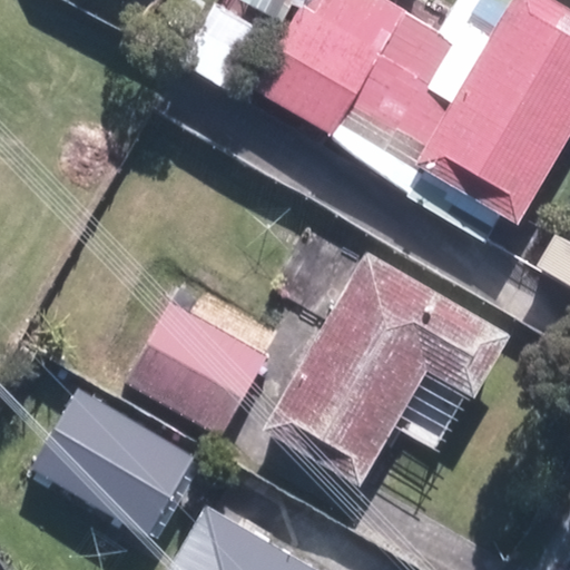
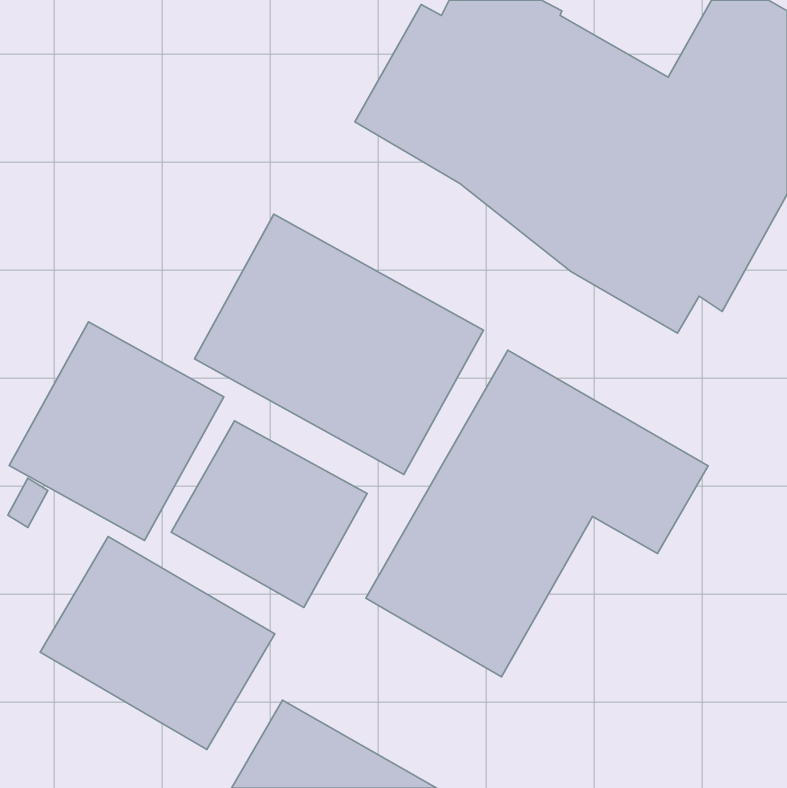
building: none -> [194,214,483,475]
building: none -> [9,322,224,541]

